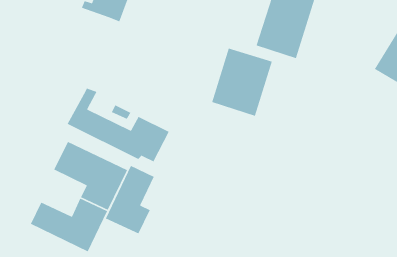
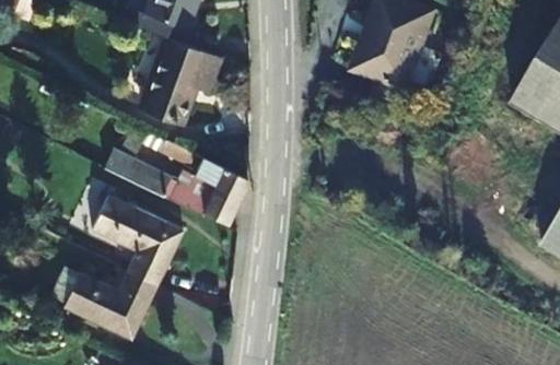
building: none -> [136,34,217,121]
building: [211,48,273,117] -> none
building: [105,165,155,235] -> none

